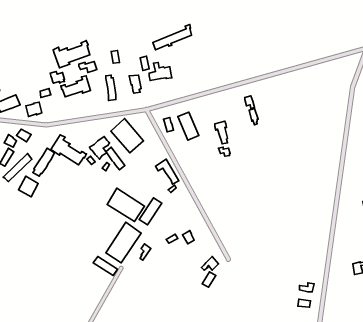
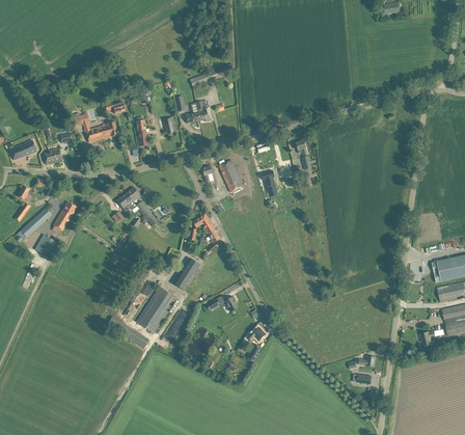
building: [53,41,90,68] -> none
building: [111,119,144,153] -> none
building: [51,135,87,165] -> none
building: [107,188,144,222] -> none

